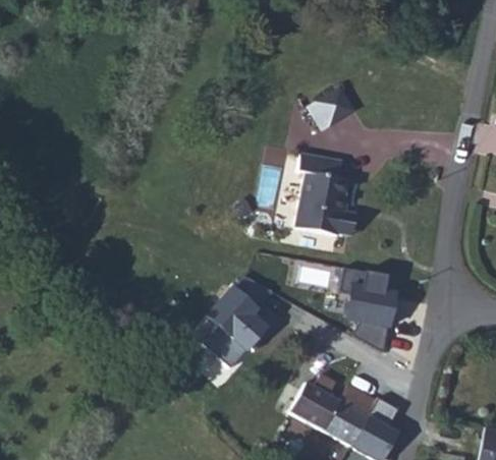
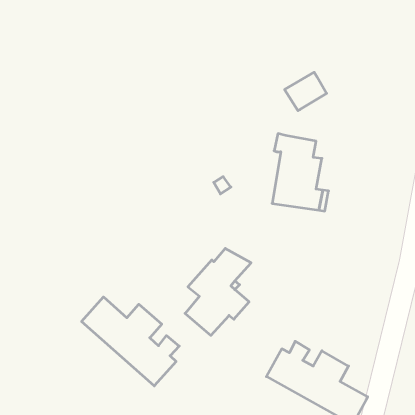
building: [338,269,397,353] -> none
building: none -> [82,297,179,386]

